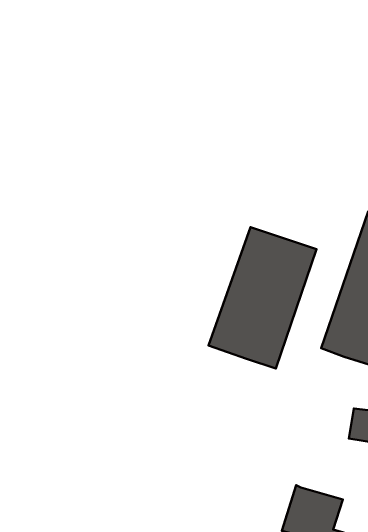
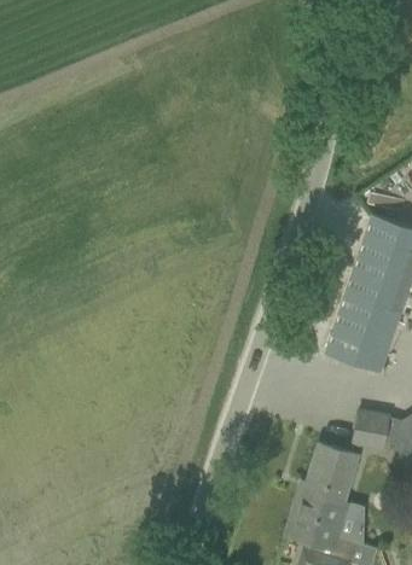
building: [209,227,316,368] -> none
building: none -> [307,442,359,503]

